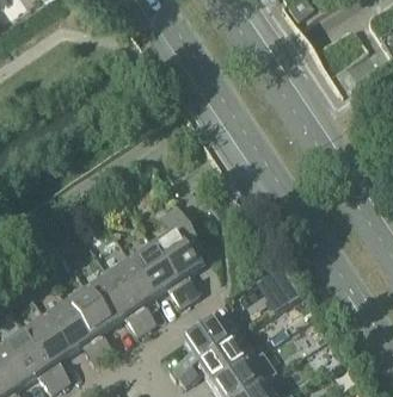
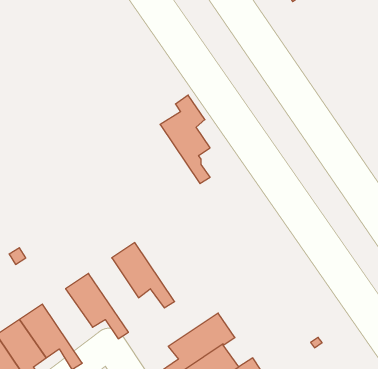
building: [152,216,198,298] -> [160,95,210,184]
building: [109,258,155,327] -> none
building: [66,286,112,355] -> none

